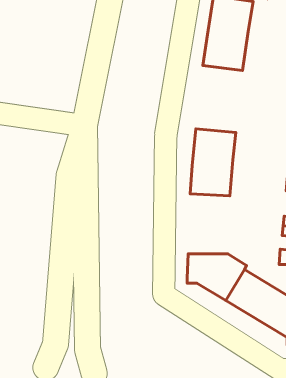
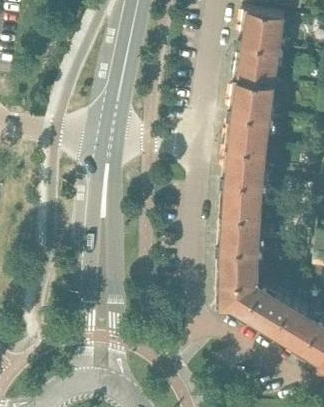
building: none -> [226,82,274,151]
building: none -> [218,214,261,276]

